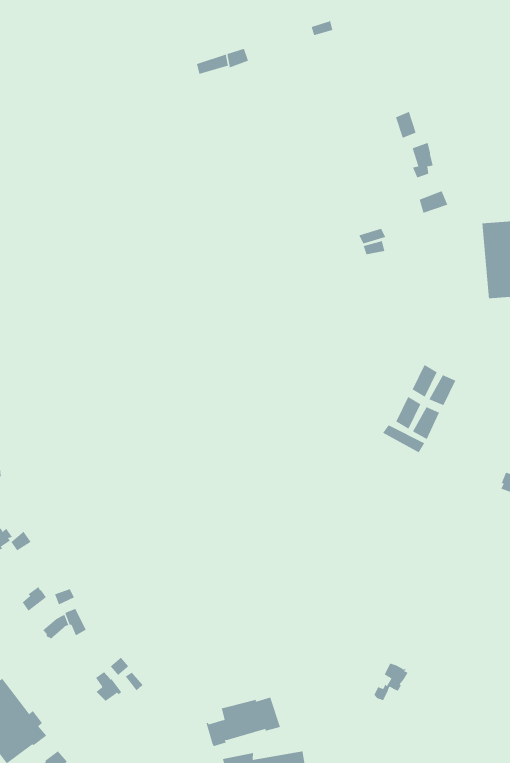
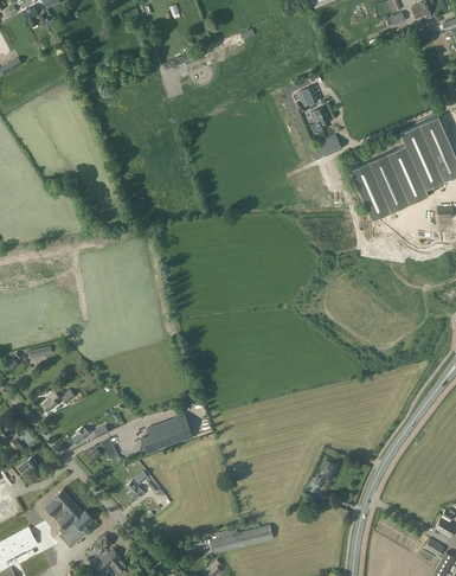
building: [206,697,281,747] -> [141,417,192,454]

